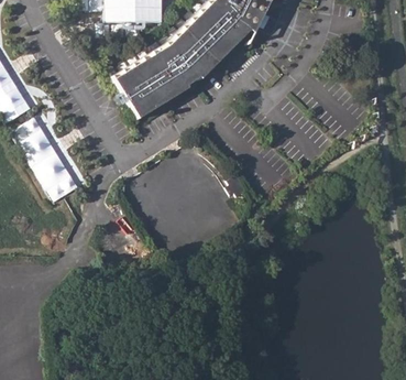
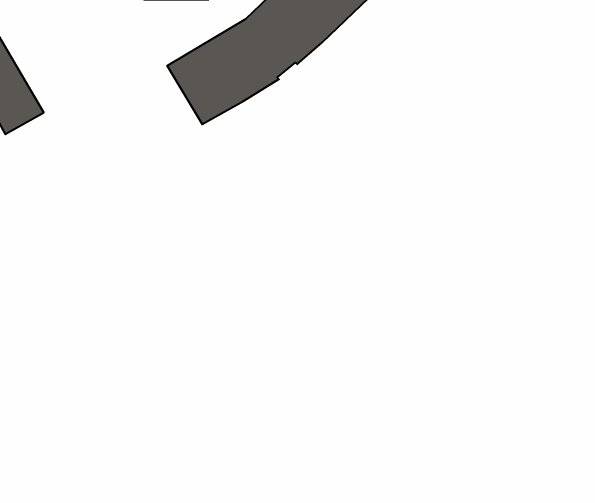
building: [12,113,81,202] -> none

